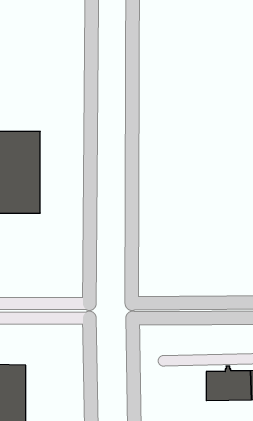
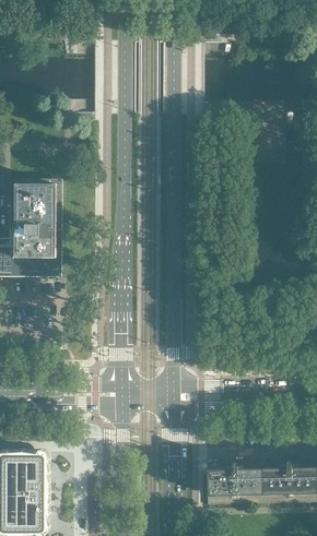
building: none -> [203,462,258,503]

